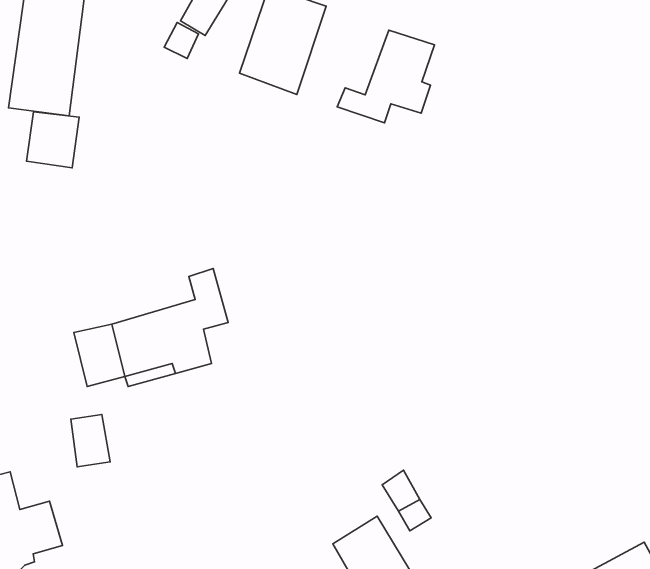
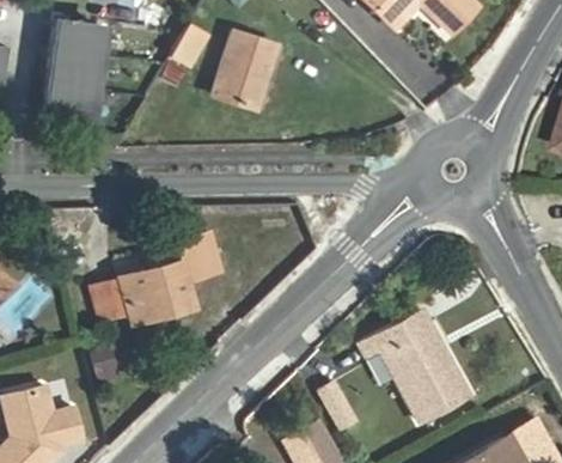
building: [337,30,435,123] -> none
building: [26,112,79,168] -> none
building: none -> [358,307,470,424]

